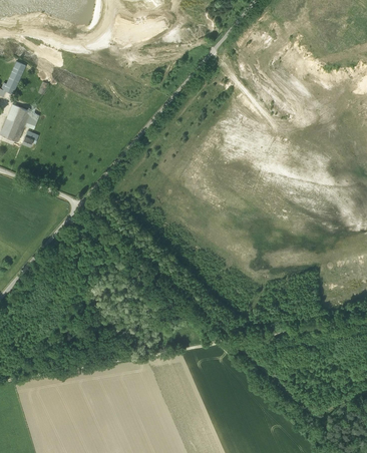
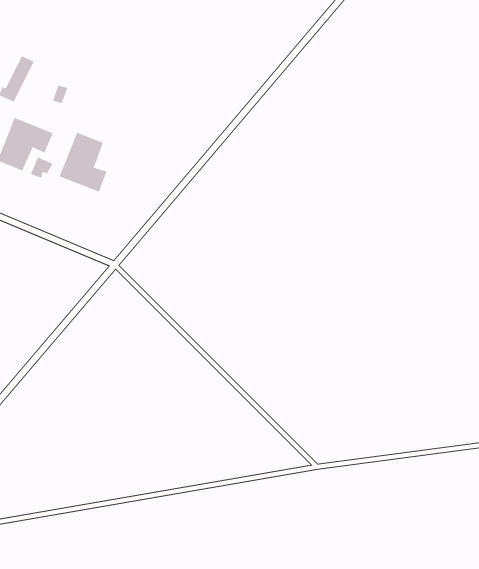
building: none -> [59,132,107,192]

